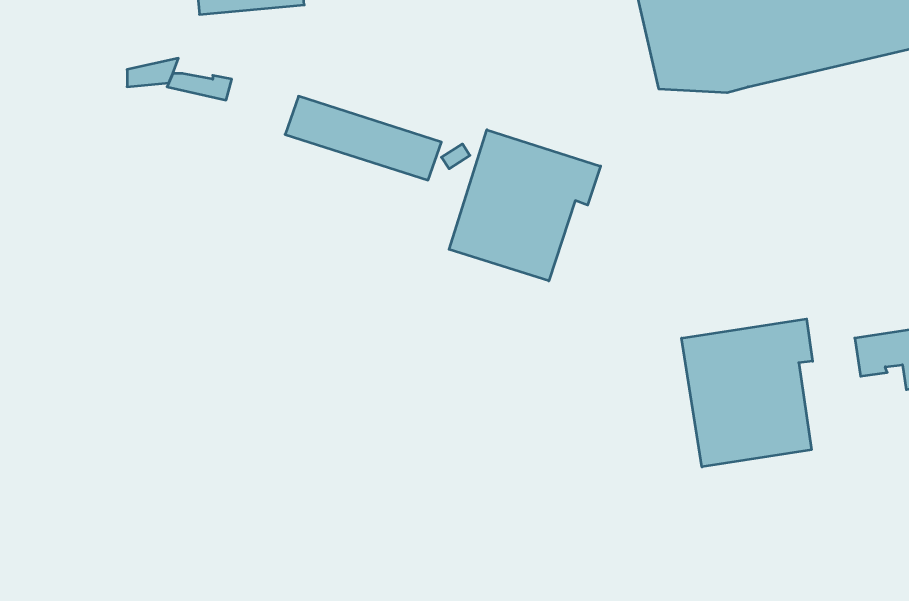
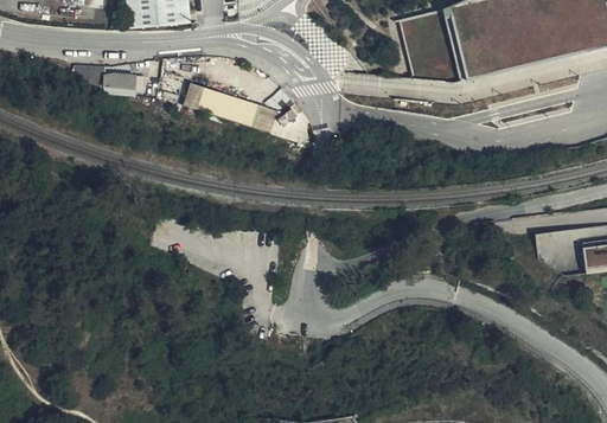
building: [449,130,601,281] -> none
building: [682,319,813,467] -> none

